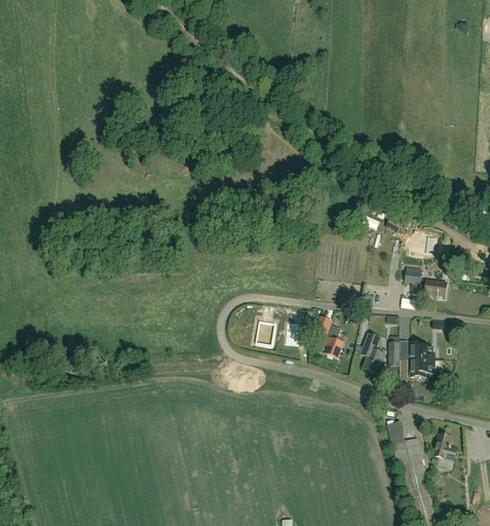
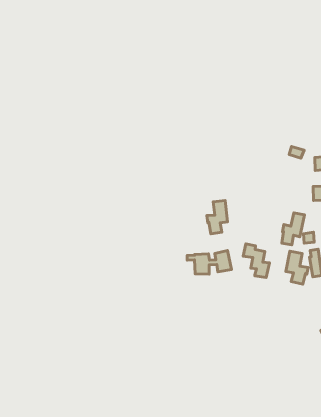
building: none -> [207,200,228,234]
building: none -> [282,213,304,245]

